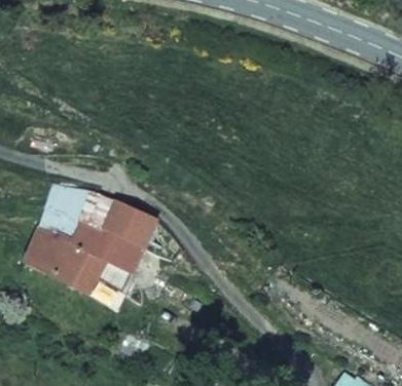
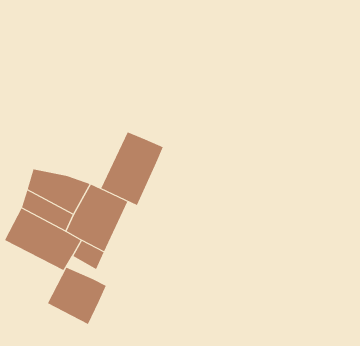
building: none -> [101,132,163,206]
building: none -> [47,267,106,325]

